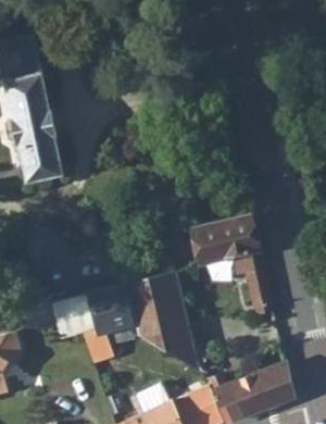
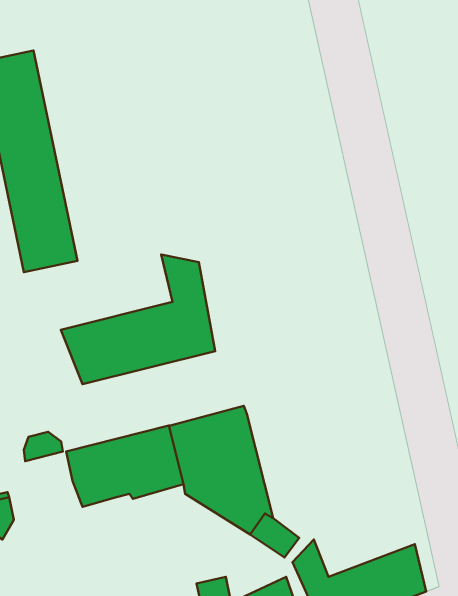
building: none -> [61,255,215,384]
building: [191,215,272,314] -> none

